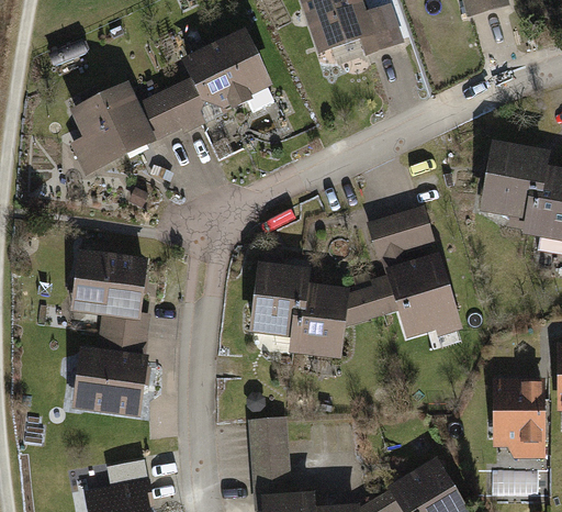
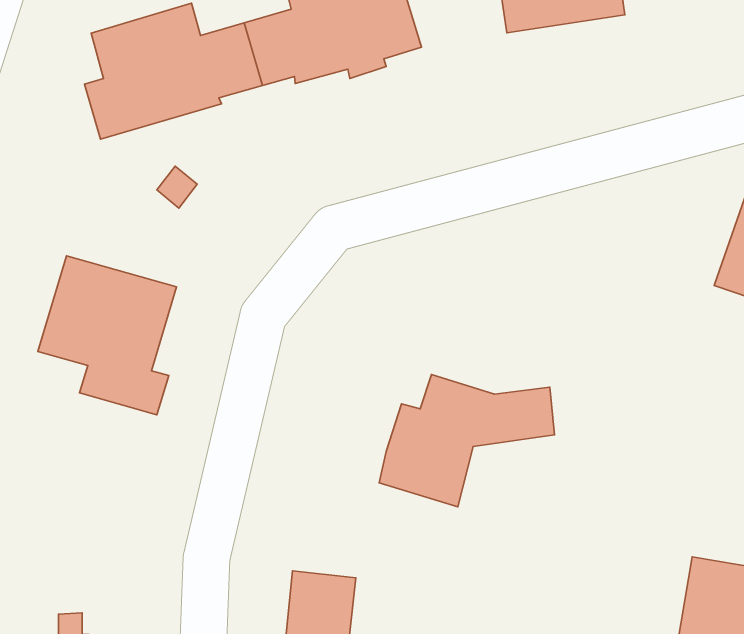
building: [369,205,461,353] -> none
building: [248,264,314,337] -> none
building: [74,333,149,419] -> none

